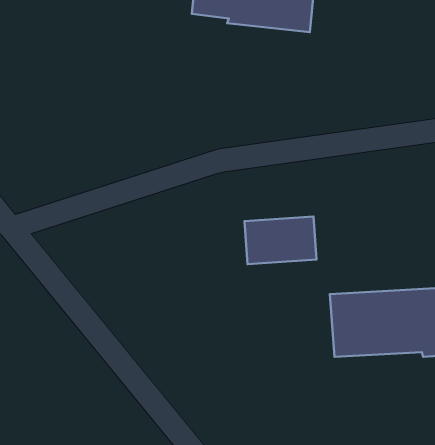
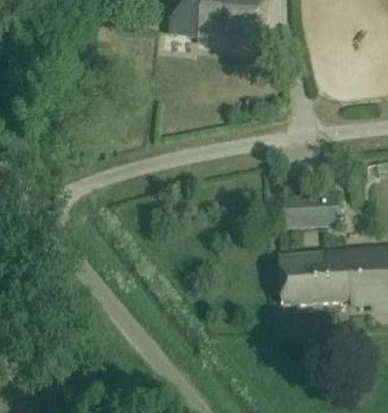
building: [244,217,316,264] -> [281,191,337,229]

